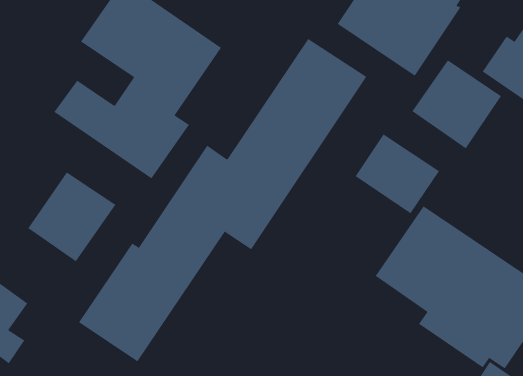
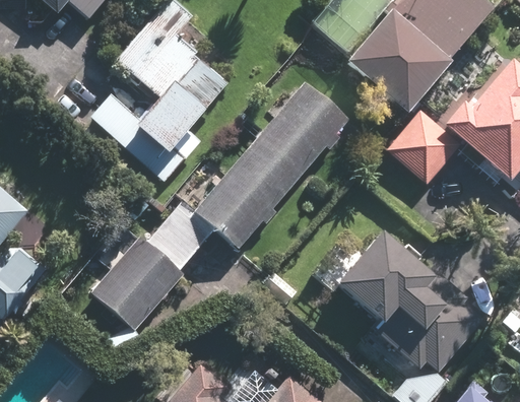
building: [355,133,440,214] -> none
building: [28,171,116,262] -> none

